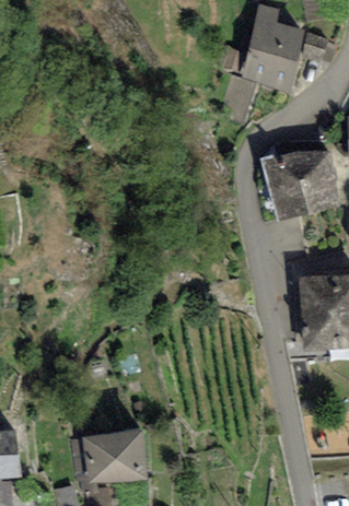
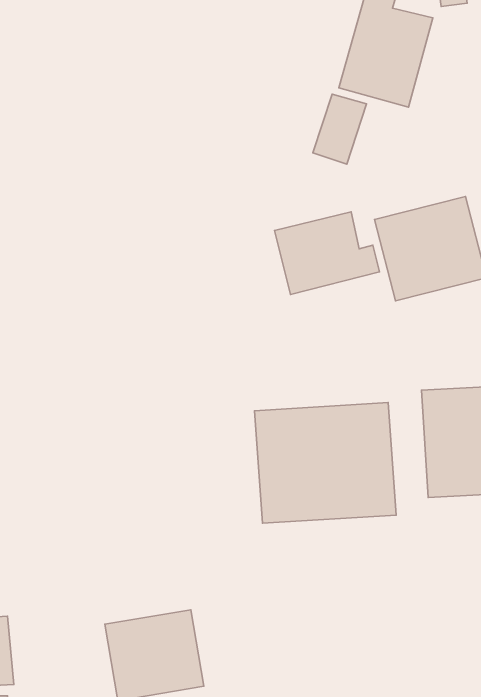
building: none -> [274,212,380,294]
building: none -> [254,403,396,523]

